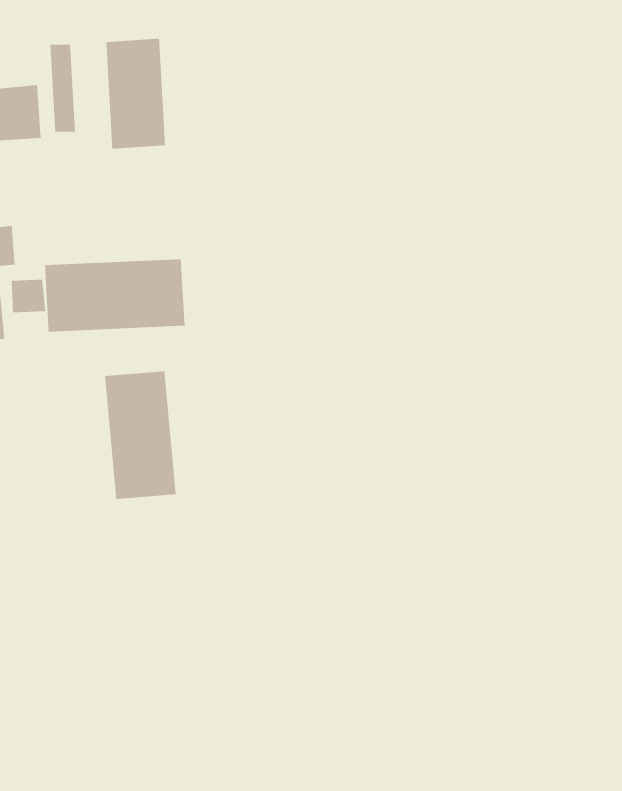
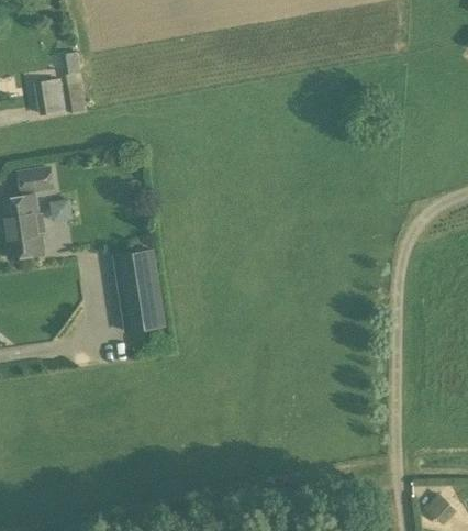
building: [106,38,166,150] -> none
building: [44,259,185,332] -> none

